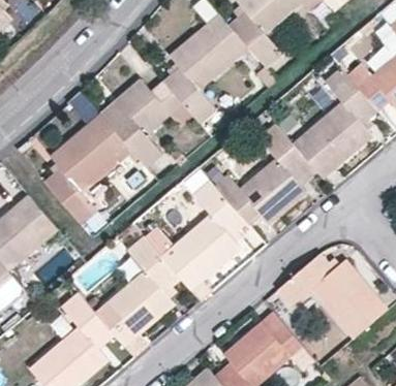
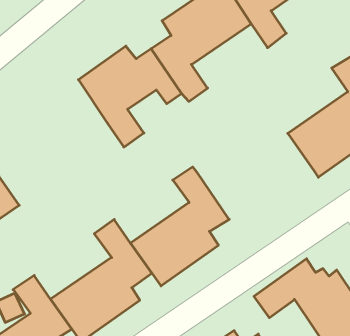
building: [43,114,129,225] -> none
building: [213,125,317,224] -> none

